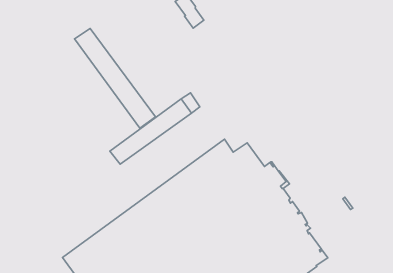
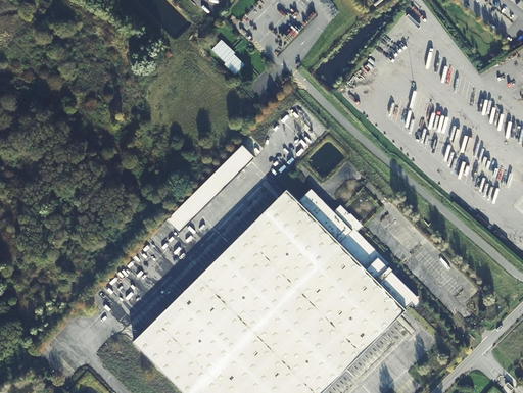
building: [75,29,155,128] -> none

